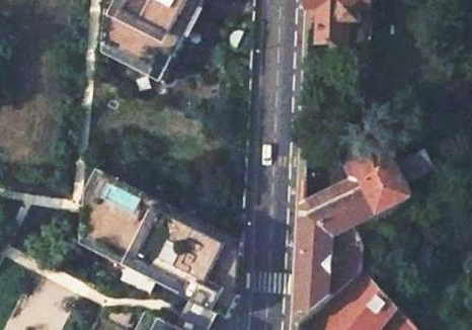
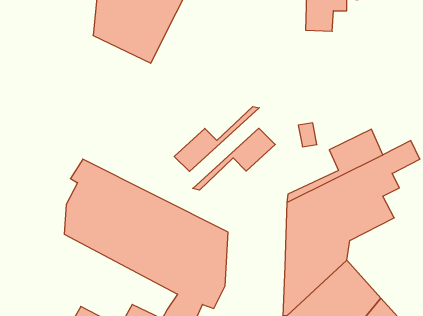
building: none -> [174,107,259,171]
building: none -> [193,128,275,190]

